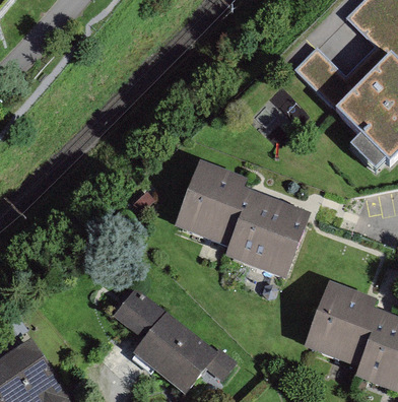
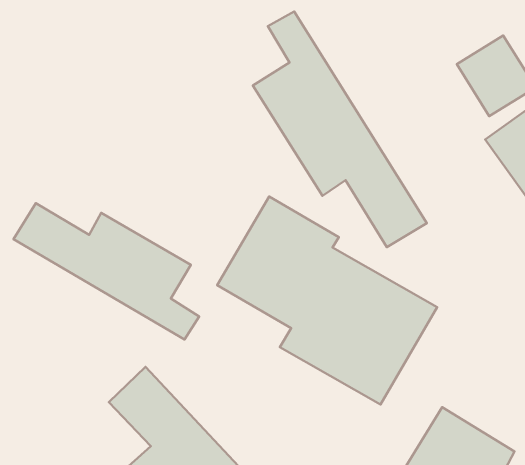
building: none -> [253,11,427,247]
building: none -> [14,203,199,339]

